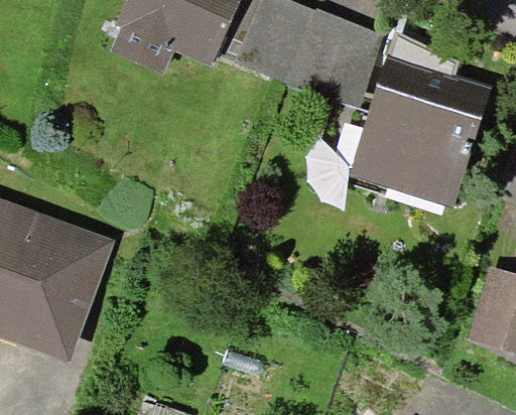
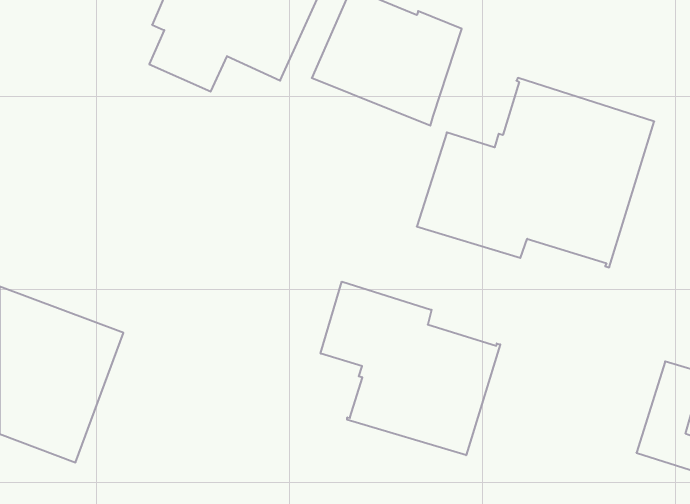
building: none -> [321,282,500,455]

